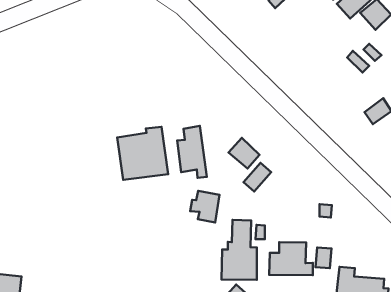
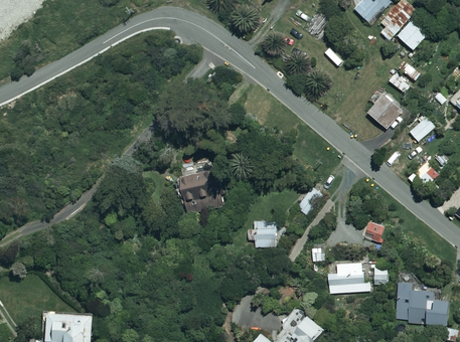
building: none -> [367,94,402,128]
building: [177,126,207,178] -> none
building: [229,138,260,168] -> none
building: [221,220,257,280] -> none

